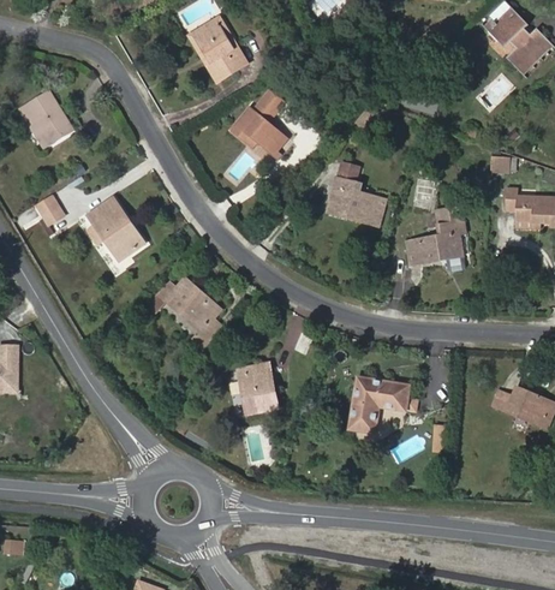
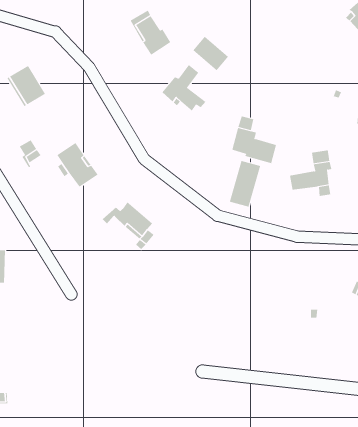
building: none -> [192,36,229,71]
building: none -> [229,160,261,207]
building: [238,363,276,413] -> none
building: [350,377,417,431] -> none

